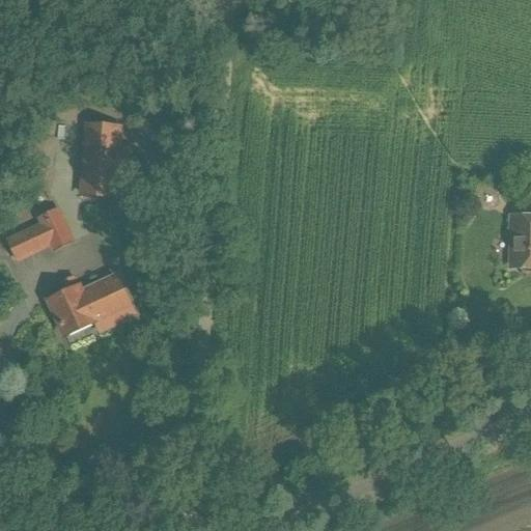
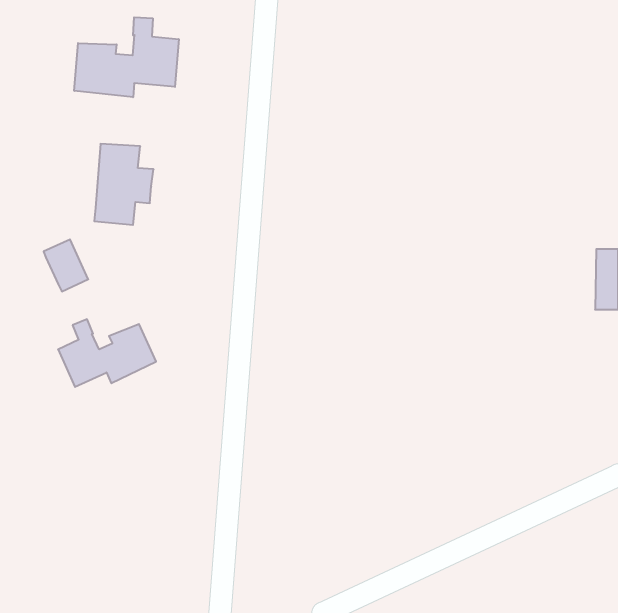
building: none -> [74,17,179,97]
building: [6,221,50,259] -> none

